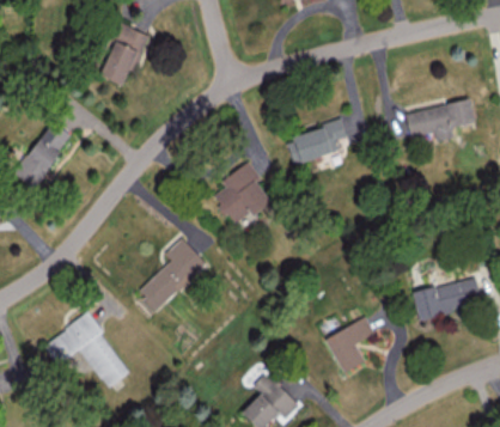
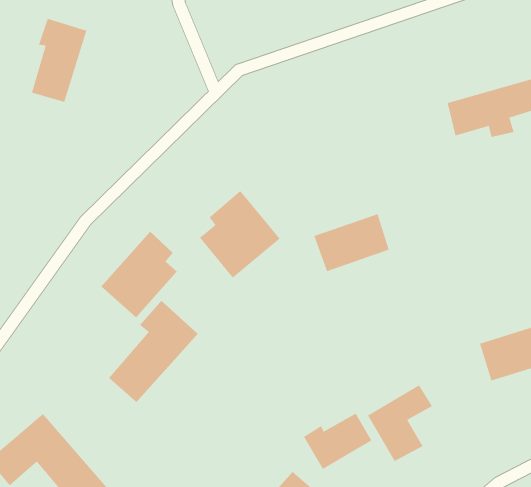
building: [293,122,348,161] -> [313,213,390,272]
building: none -> [101,231,177,318]
building: none -> [303,413,372,470]

